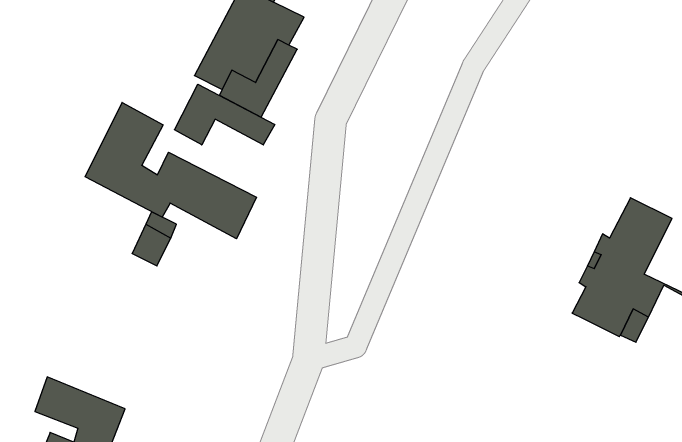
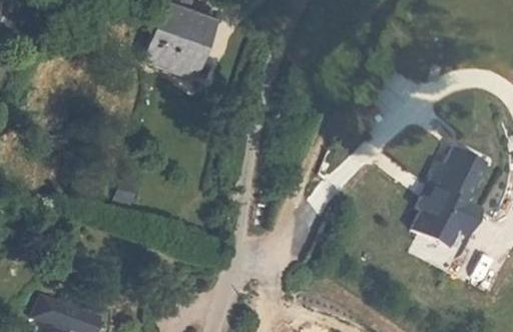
building: [174,84,275,145] -> none
building: [85,102,256,239] -> none

